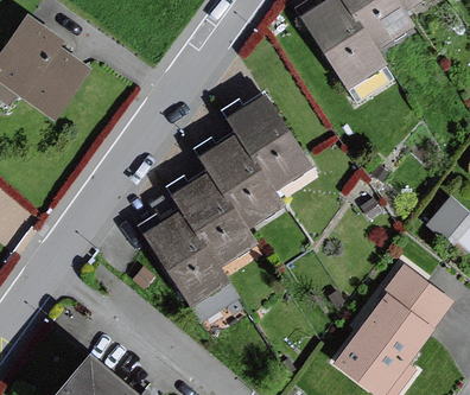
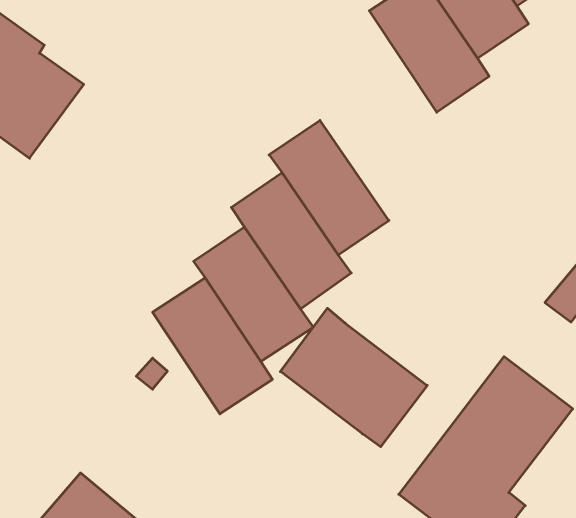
building: none -> [280,308,427,447]

